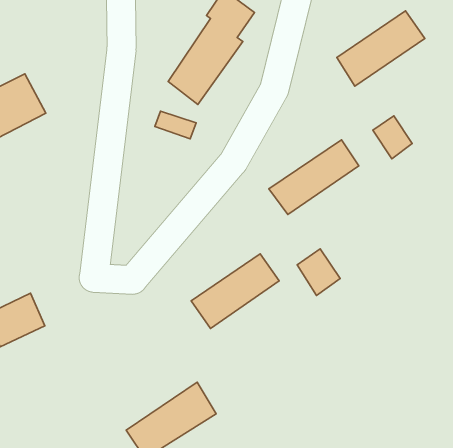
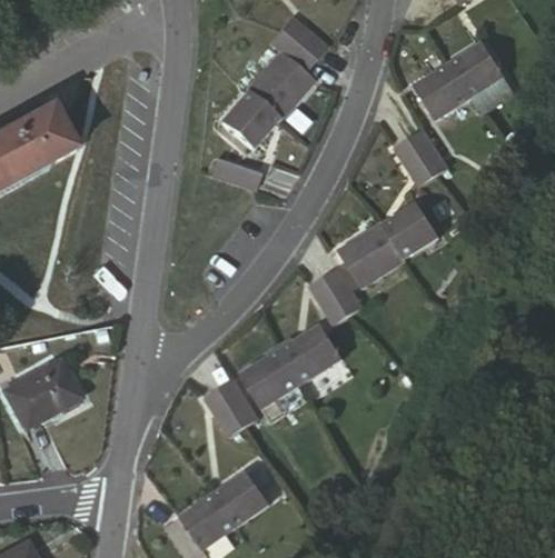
building: [373,116,412,159] -> [406,127,452,177]
building: [297,249,340,296] -> [310,255,360,309]
building: none -> [214,377,268,434]

